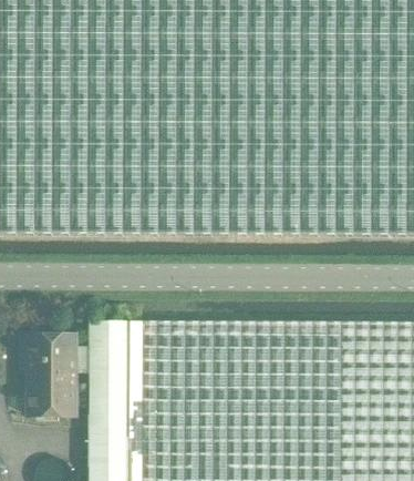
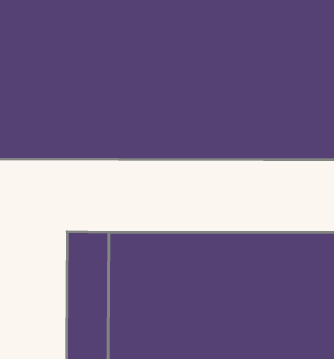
building: [22,335,74,415] -> none

